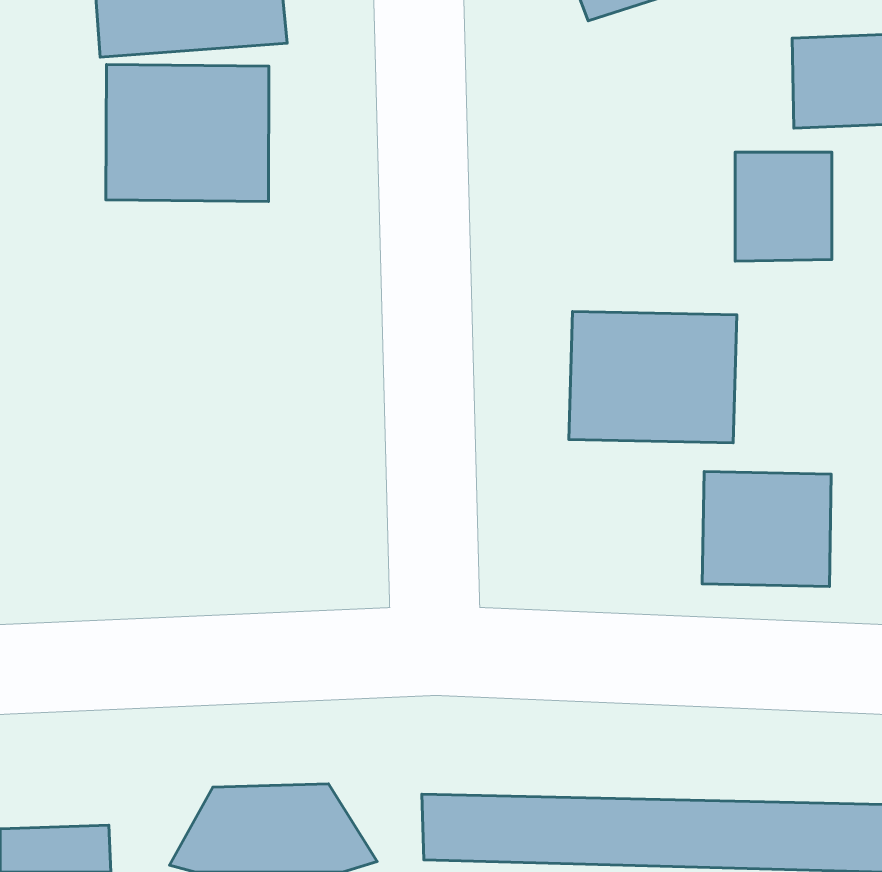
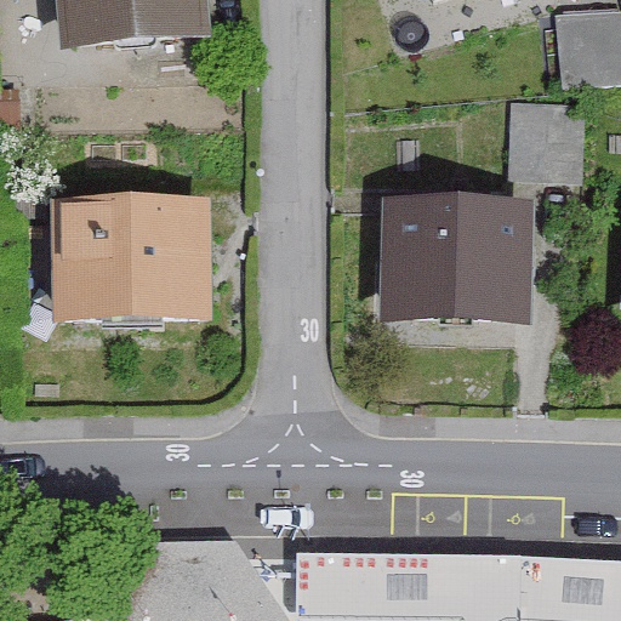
building: [106,65,269,201] -> none
building: none -> [62,212,198,319]
building: [702,472,831,586] -> none

